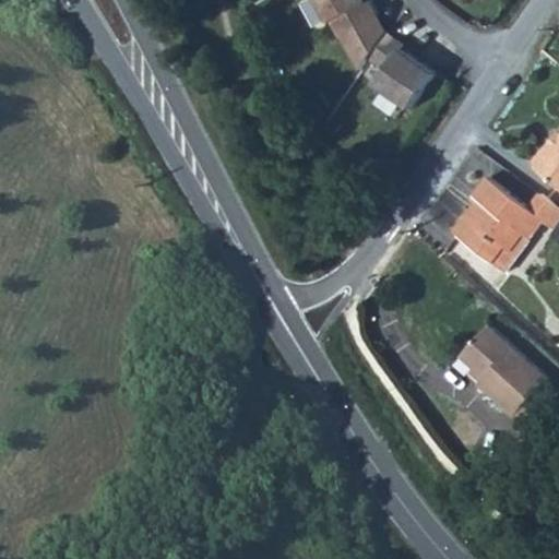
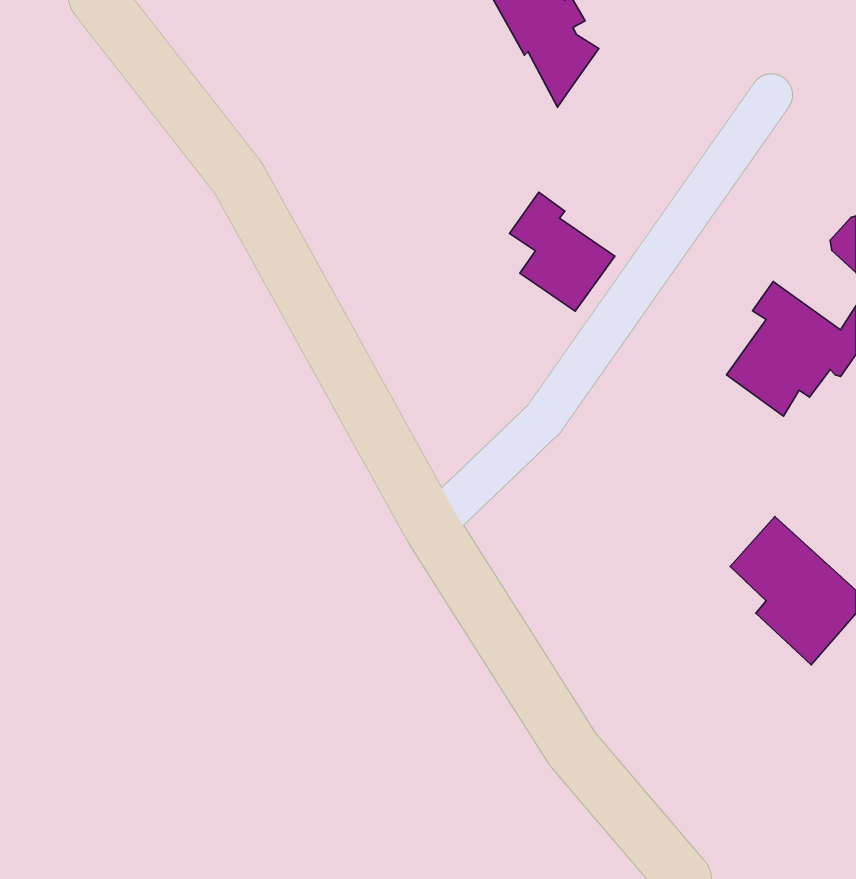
building: [360,31,427,106] -> [510,192,615,311]

